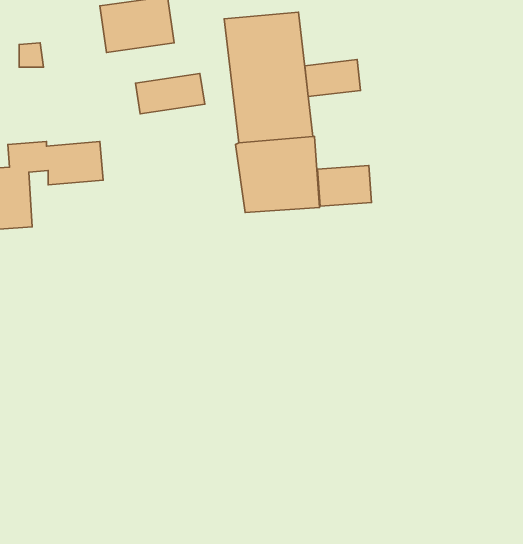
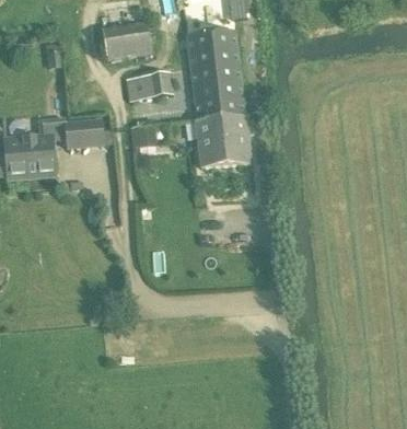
building: [305,60,360,97] -> none
building: [318,166,372,206] -> none

